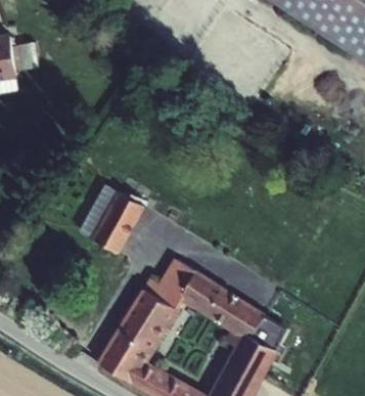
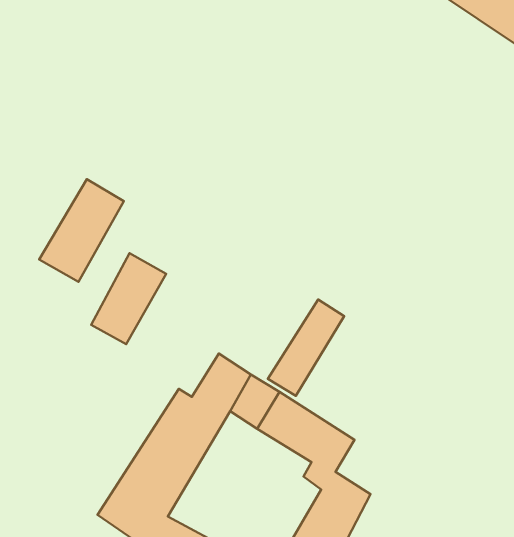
building: none -> [39,179,124,282]
building: none -> [268,299,344,396]

